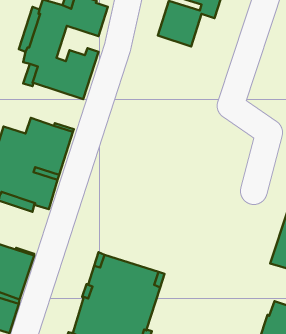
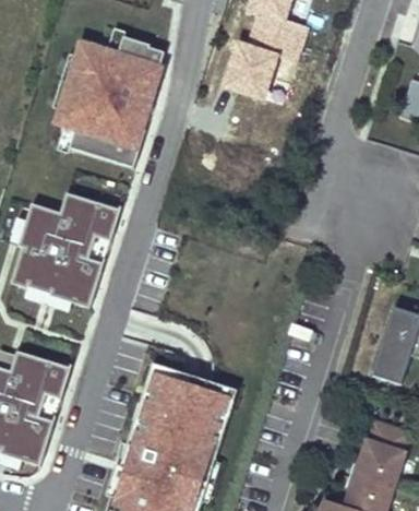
building: none -> [98,75,152,120]

